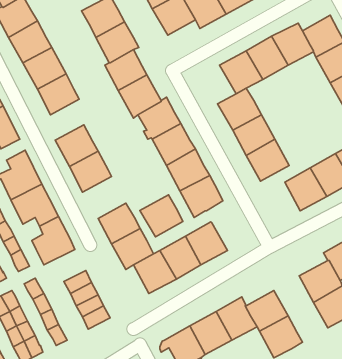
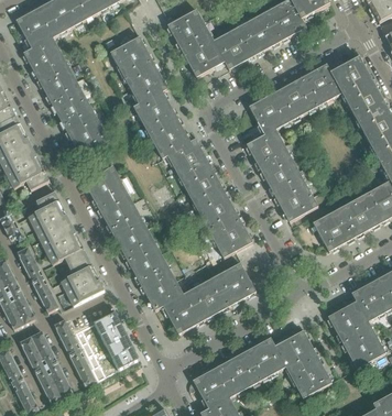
building: [140,195,183,237] -> [111,217,154,259]

